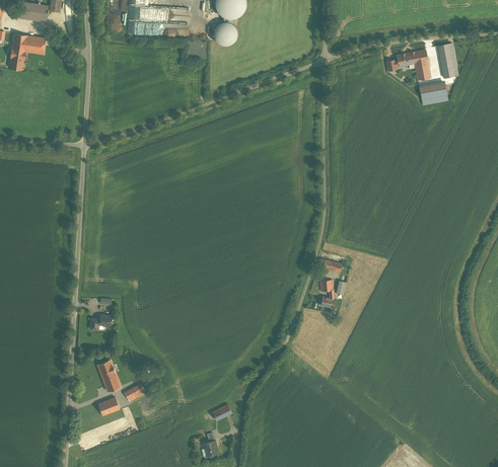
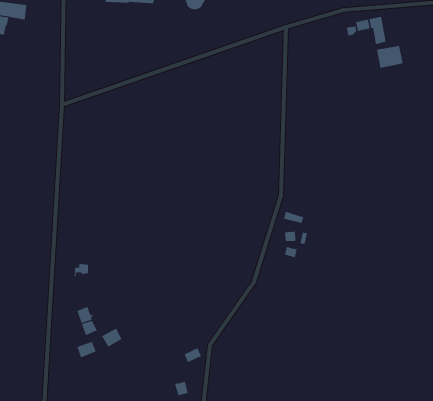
building: [437,44,457,78] -> none

